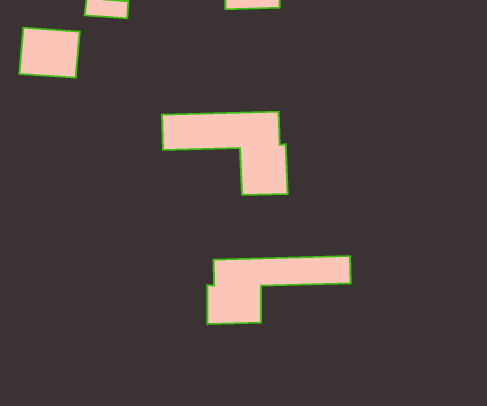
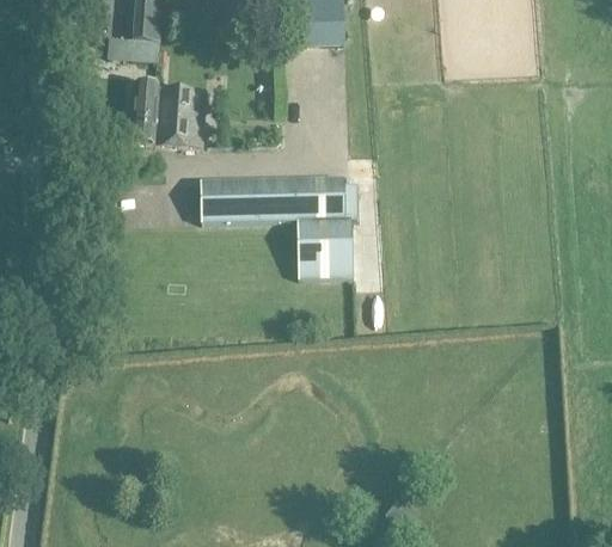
building: [19,28,80,78] -> [131,84,206,145]
building: [207,256,350,324] -> none

